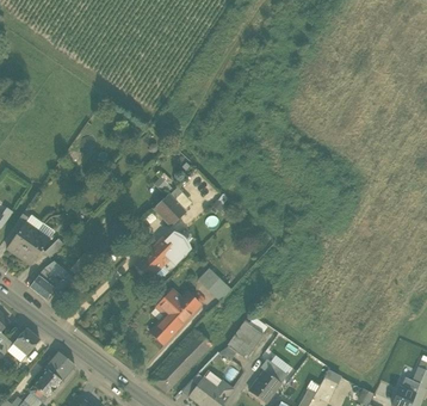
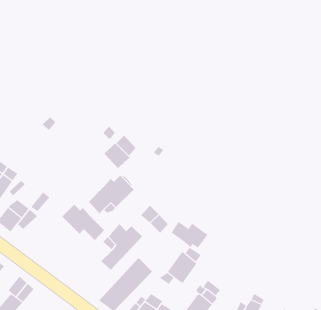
building: none -> [61,204,105,241]
building: none -> [171,221,208,249]

